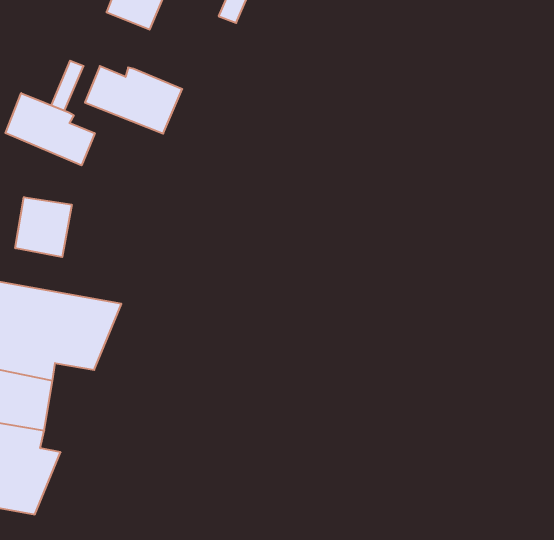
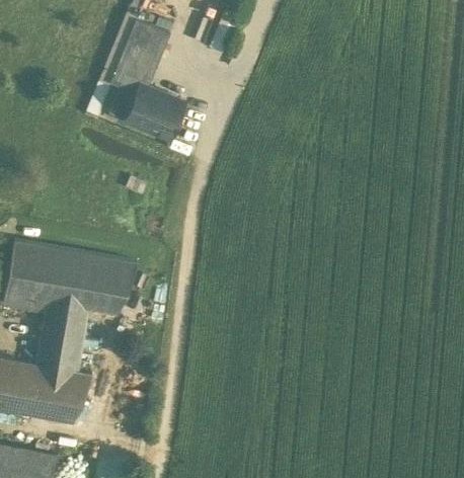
building: none -> [110,45,158,93]
building: [5,93,95,165] -> none
building: [15,197,72,257] -> none

